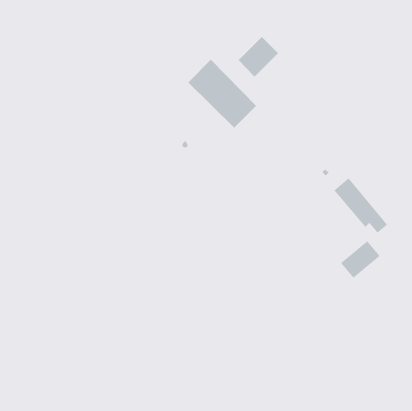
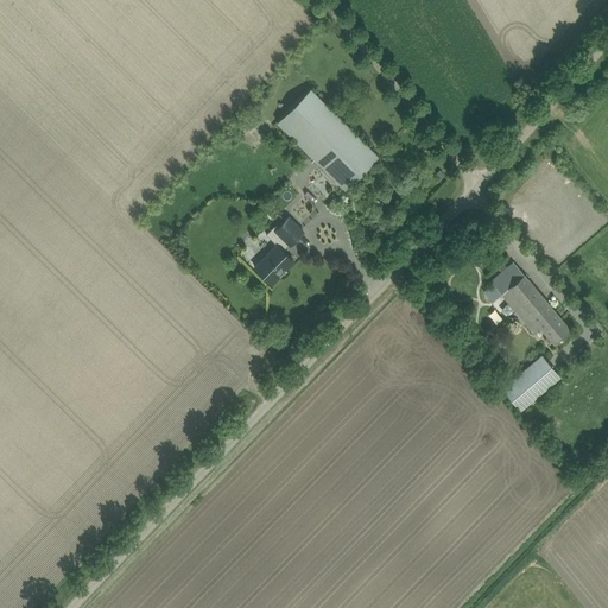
building: [238,36,279,77] -> none
building: none -> [254,218,303,285]

